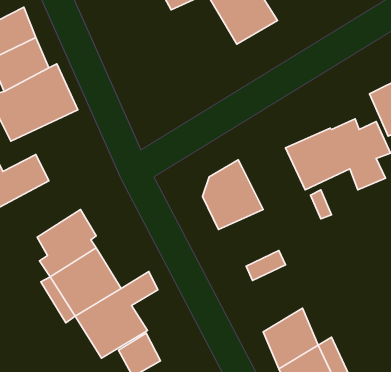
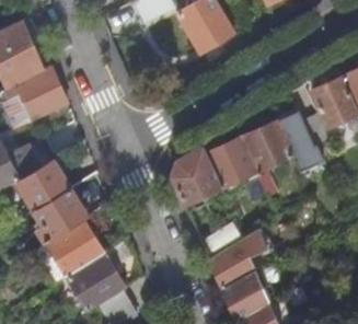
building: none -> [205,137,257,188]
building: none -> [16,161,70,211]
building: none -> [209,231,265,290]

